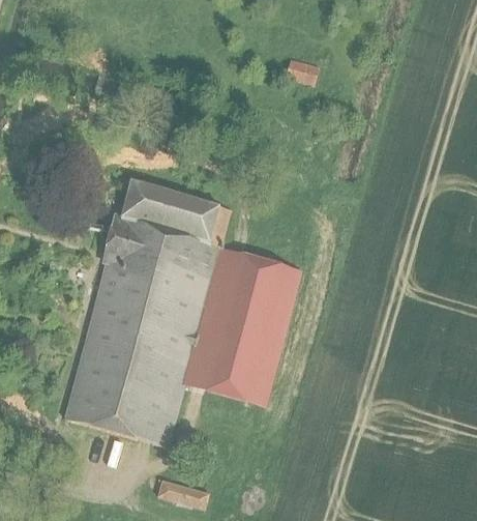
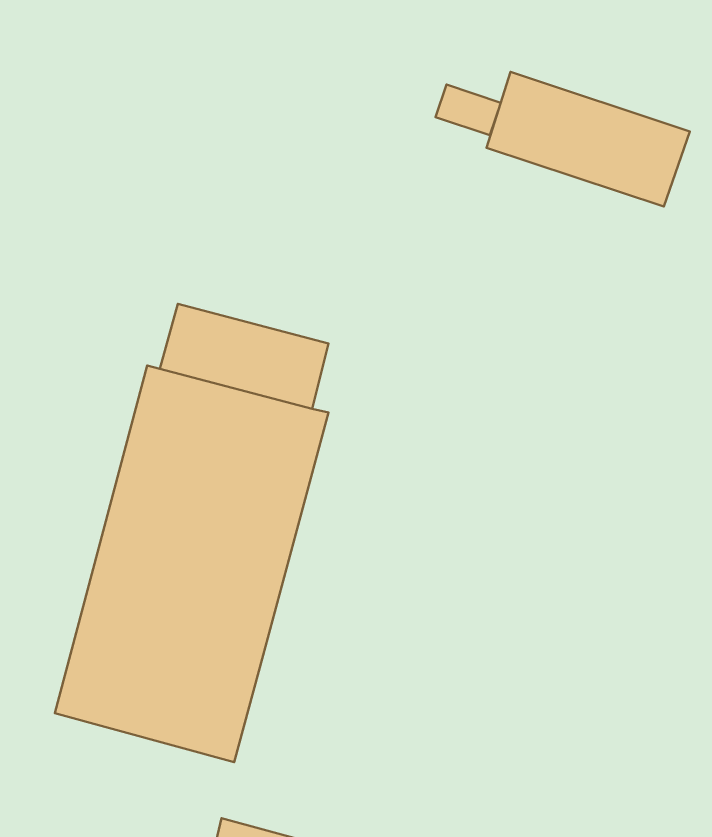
building: none -> [486,72,690,207]
building: [184,244,301,405] -> none

